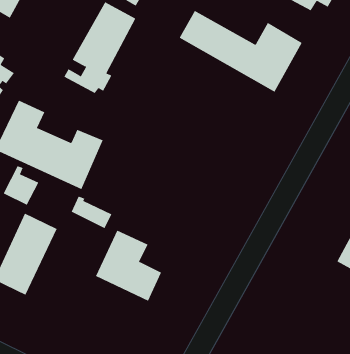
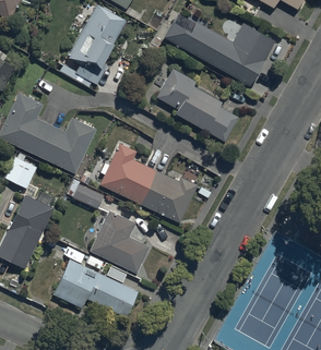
building: none -> [157,68,239,142]
building: none -> [99,143,197,222]
building: none -> [52,260,138,316]

